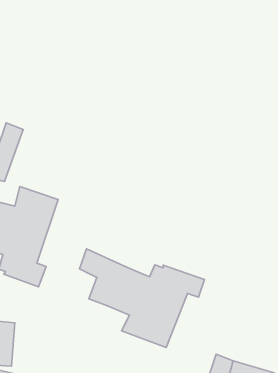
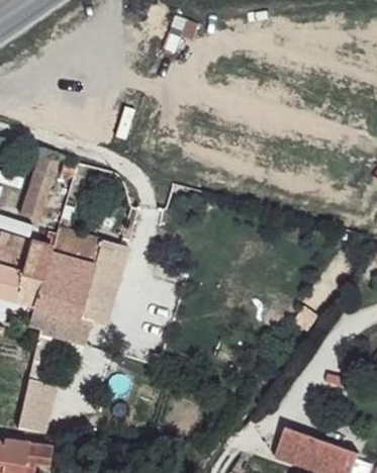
building: none -> [78,242,128,326]
building: [80,249,205,348] -> none

